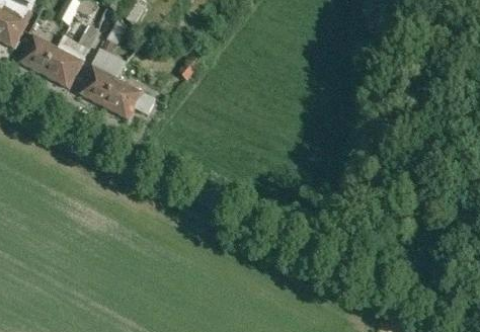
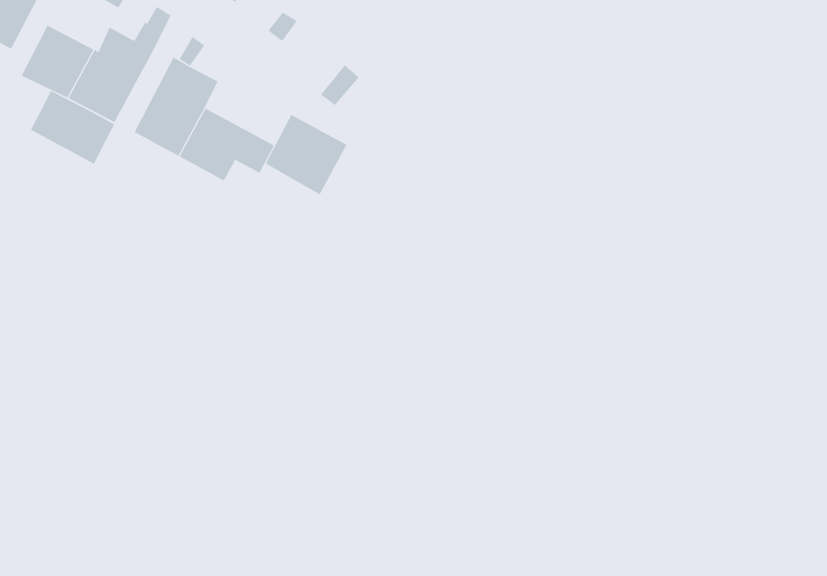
building: none -> [30,90,115,164]
building: none -> [265,114,347,195]

